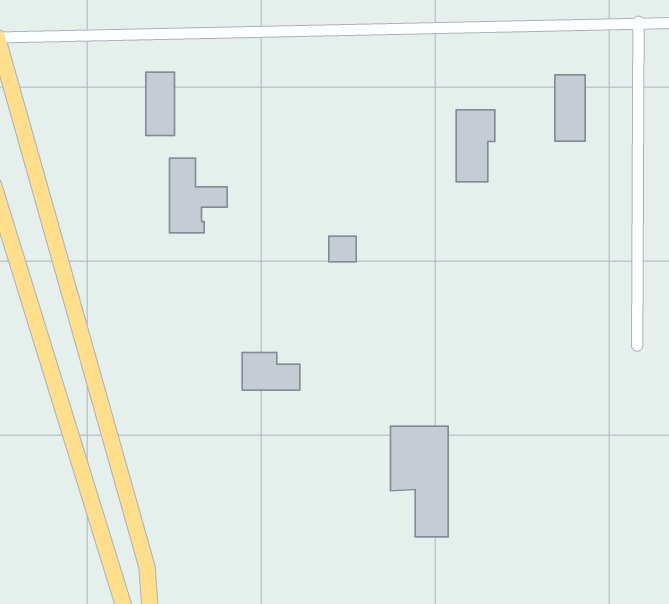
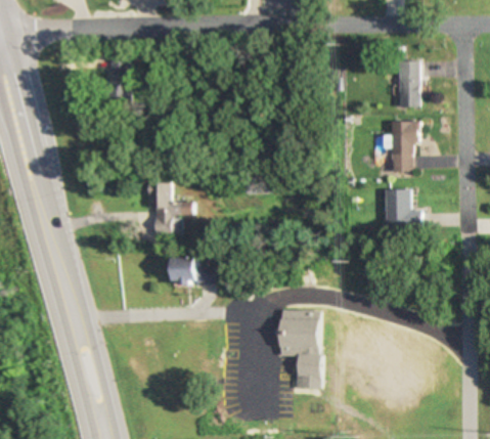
building: [456,110,495,182] -> [392,121,419,172]
building: [170,158,227,233] -> [152,182,193,235]
building: none -> [386,190,421,229]

